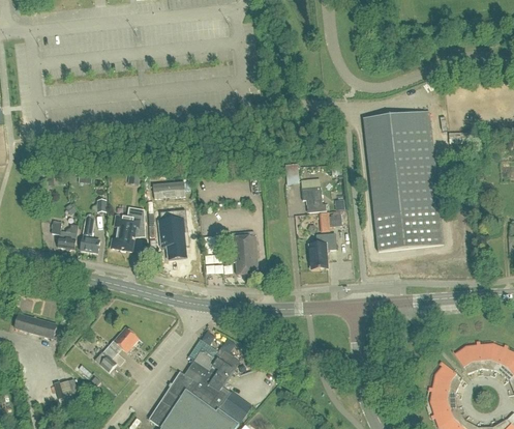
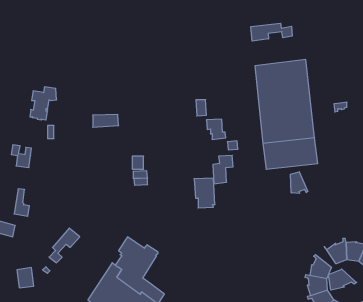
building: none -> [251,23,292,41]
building: [111,208,145,251] -> [30,87,57,120]
building: [80,218,99,253] -> [14,189,29,216]
building: [158,218,189,259] -> none
building: [231,235,258,274] -> [194,178,215,208]
building: none -> [291,172,308,193]
building: none -> [328,269,357,290]

